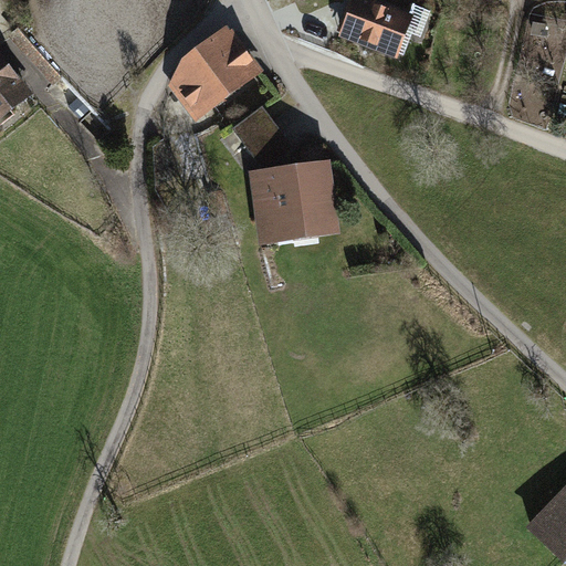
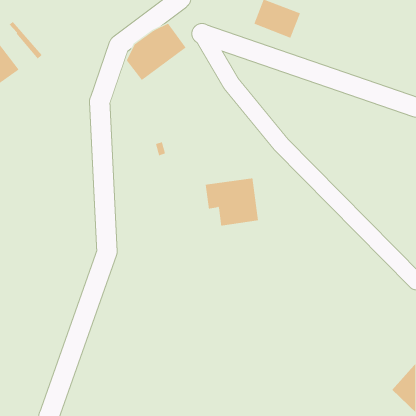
building: [242,122,289,168] -> none
building: [256,168,329,233] -> [205,178,259,226]

